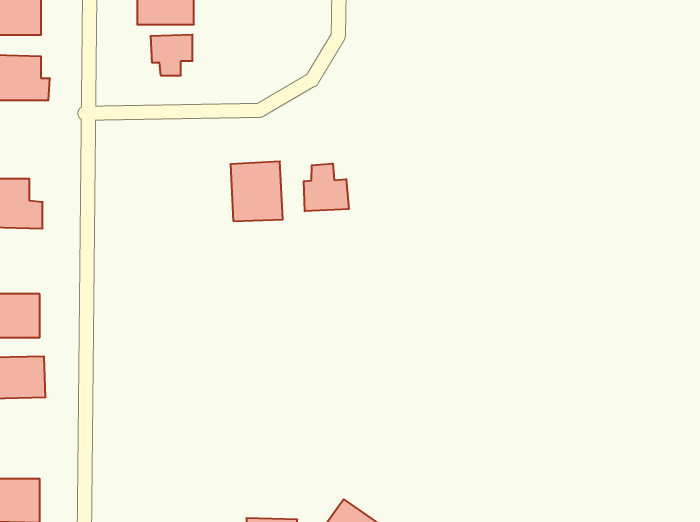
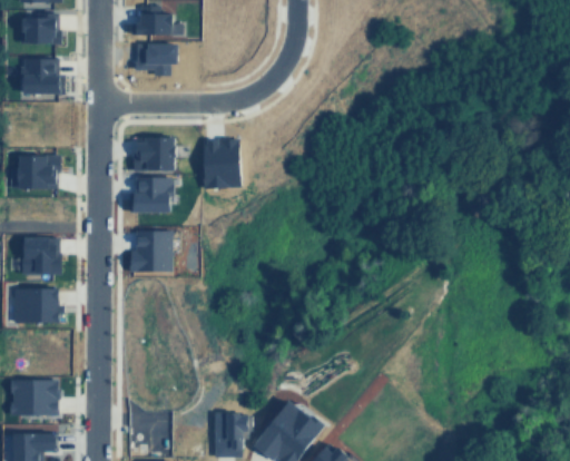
building: none -> [134,139,177,167]
building: [304,163,349,211] -> none
building: none -> [129,179,177,209]
building: none -> [129,232,173,273]

